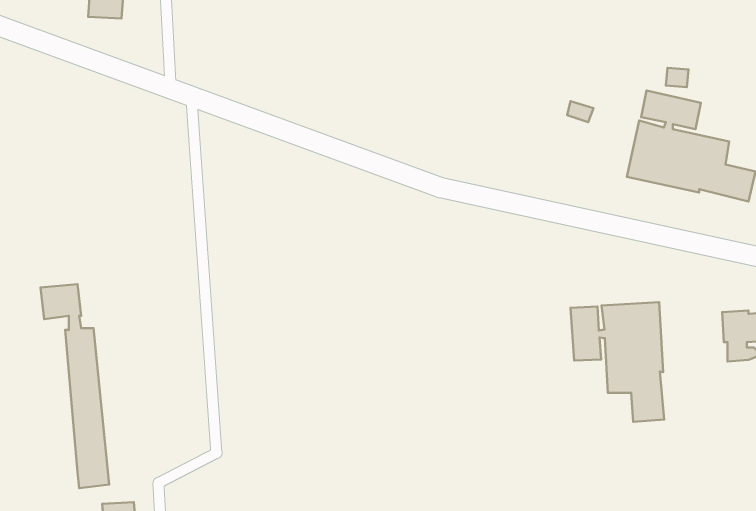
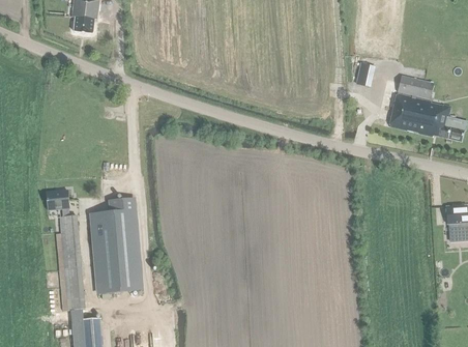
building: [571,302,664,422] -> none
building: none -> [90,209,140,292]

